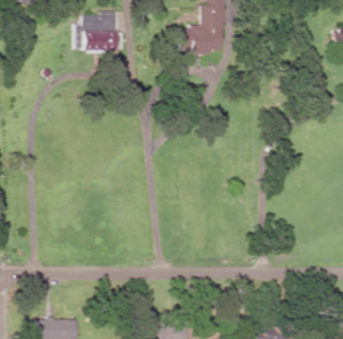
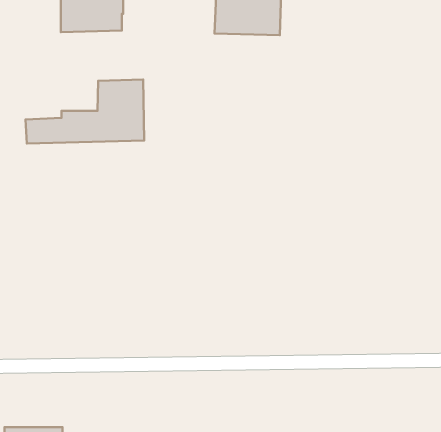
building: none -> [25,80,144,144]

